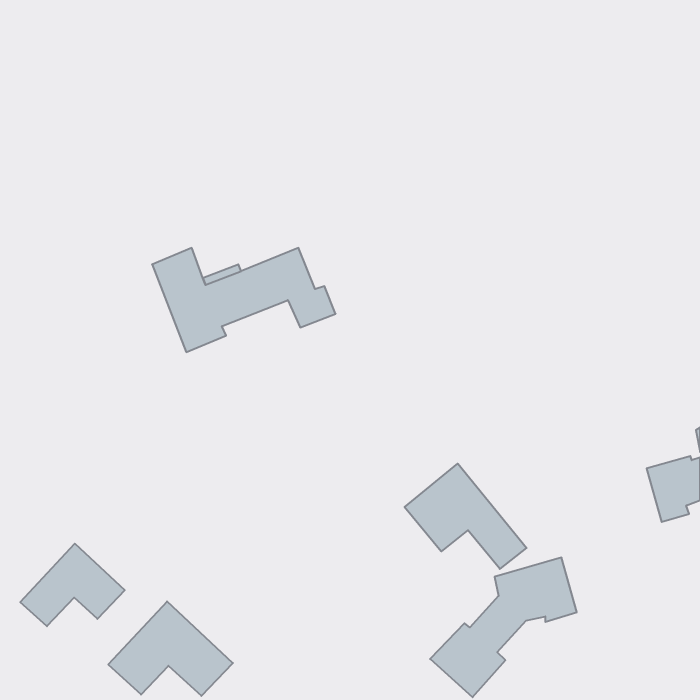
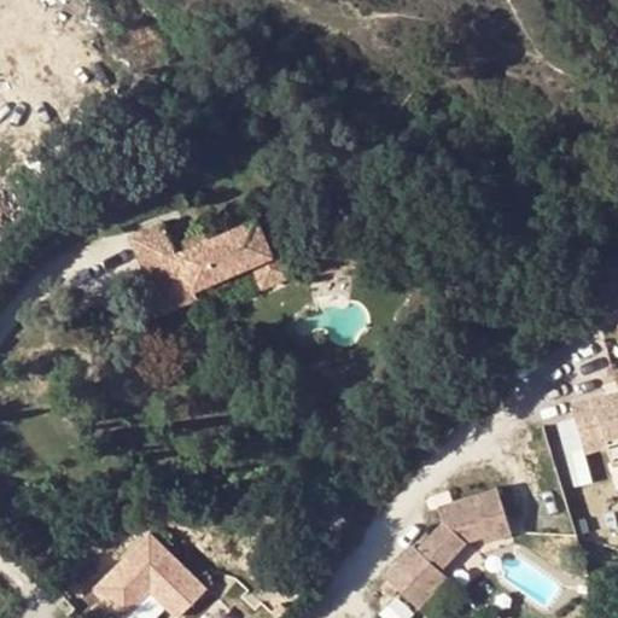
building: [405,464,527,569] -> none
building: [20,544,125,626] -> none

